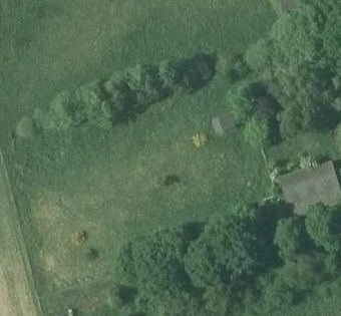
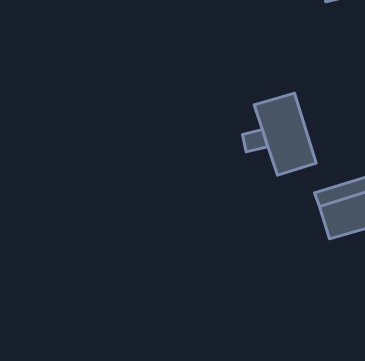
building: none -> [254,93,316,175]

